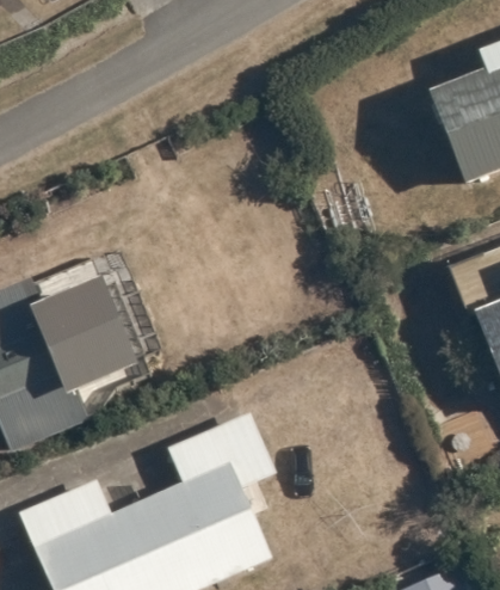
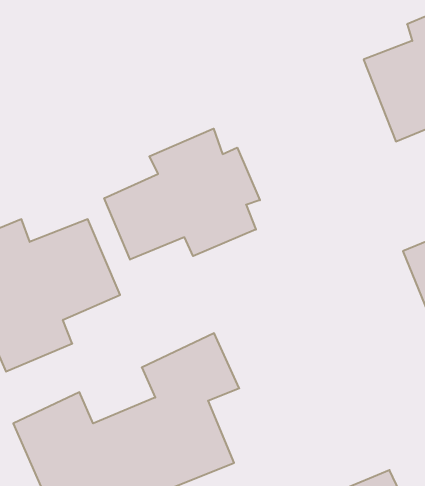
building: none -> [104,129,260,260]

